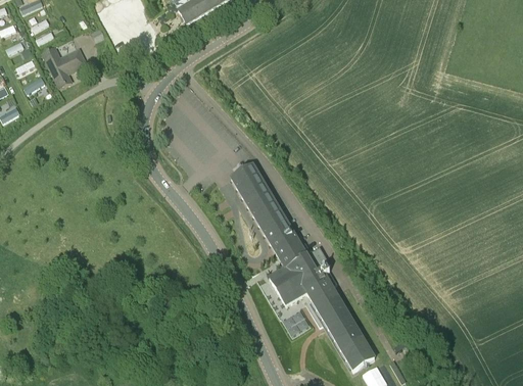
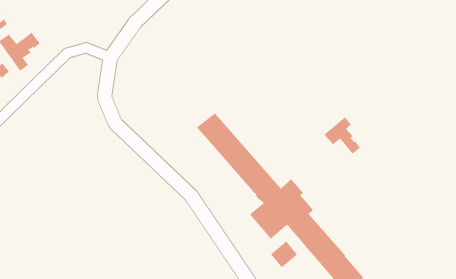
building: none -> [324,116,361,154]

